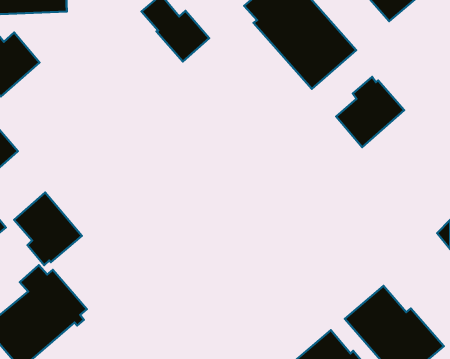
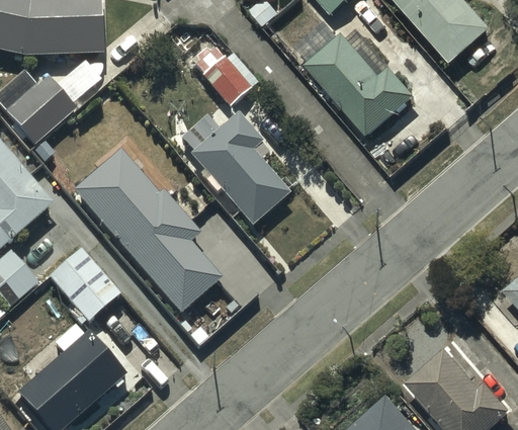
building: none -> [190,112,288,225]
building: [336,77,404,147] -> none
building: none -> [74,148,221,313]

